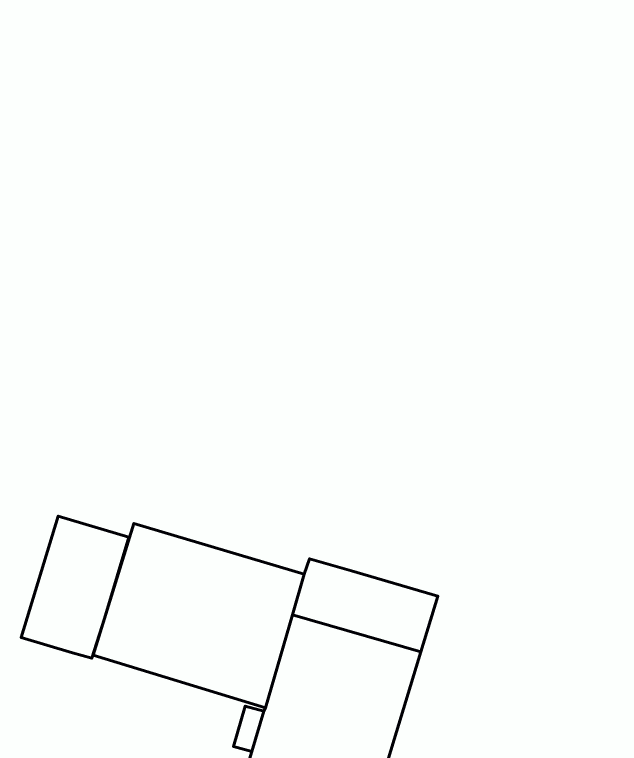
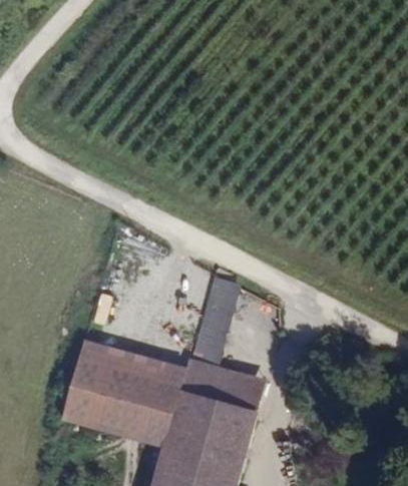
building: none -> [189,264,242,369]
building: [21,516,129,658] -> none

